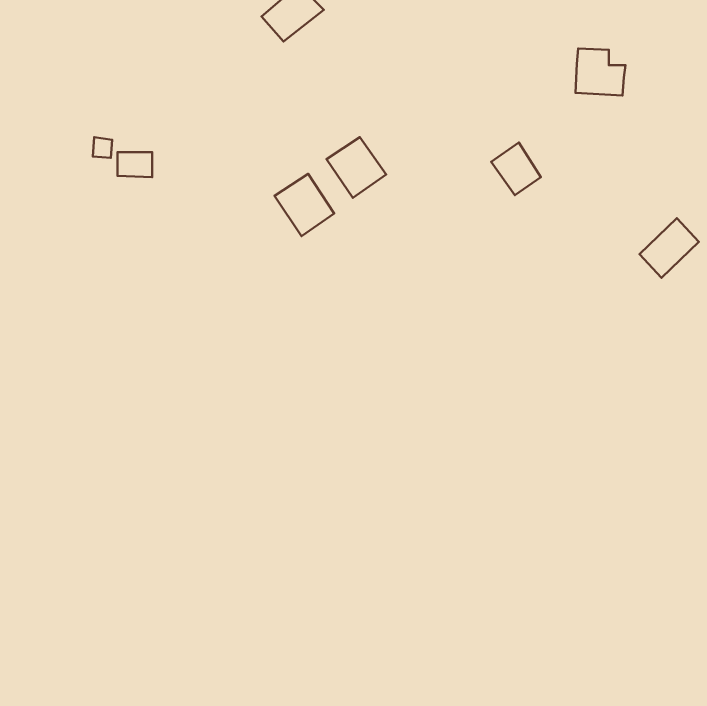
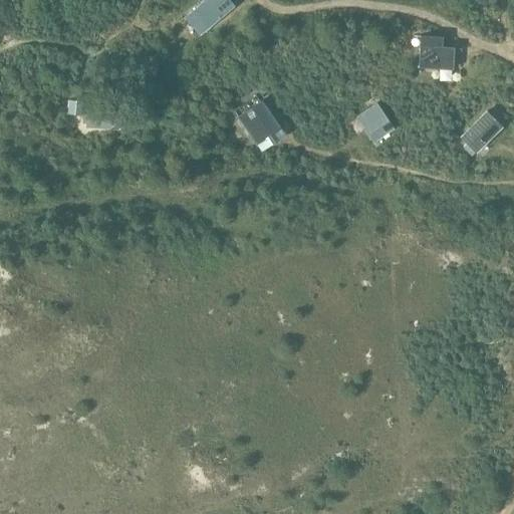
building: [274,174,334,236] -> none
building: [639,218,699,278] -> [459,110,502,154]

